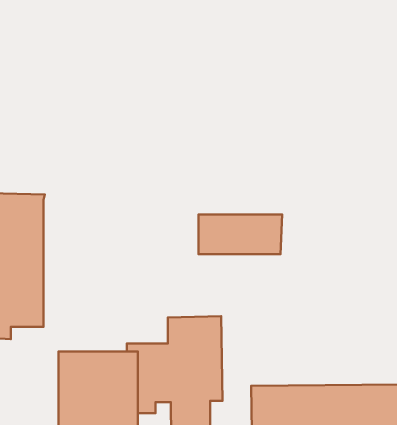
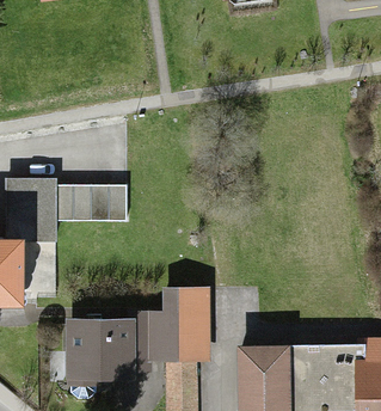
building: [199,215,282,254] -> [54,185,127,220]

